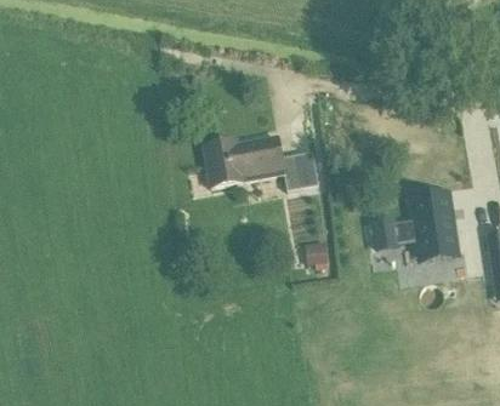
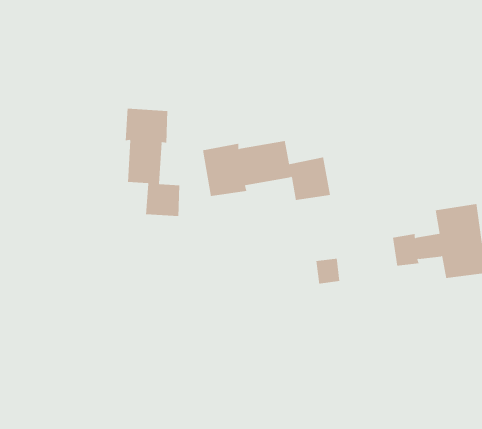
building: none -> [125,108,180,217]

